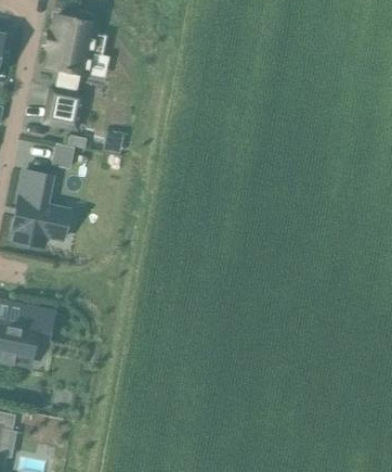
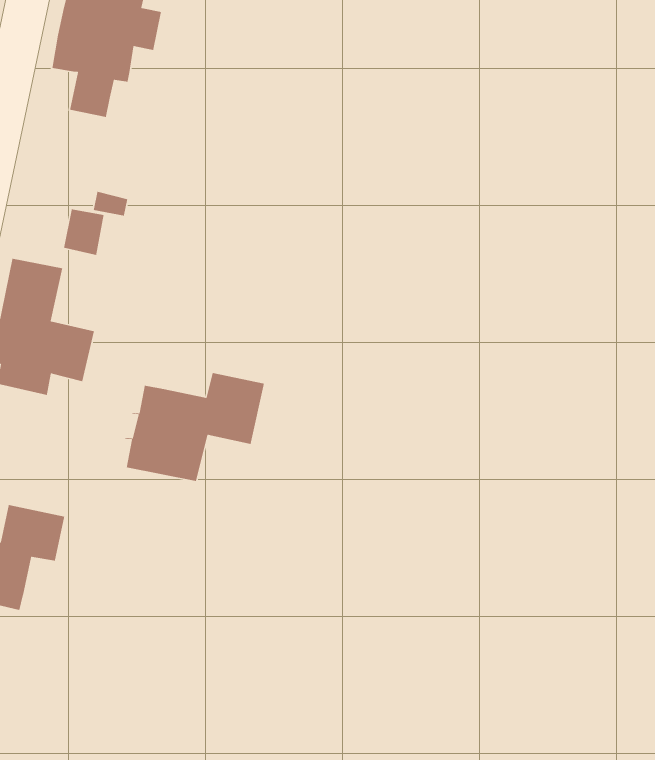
building: [44,89,83,129] -> none
building: none -> [124,372,265,482]

